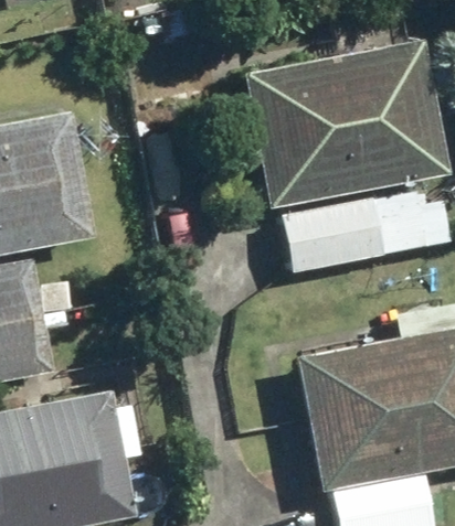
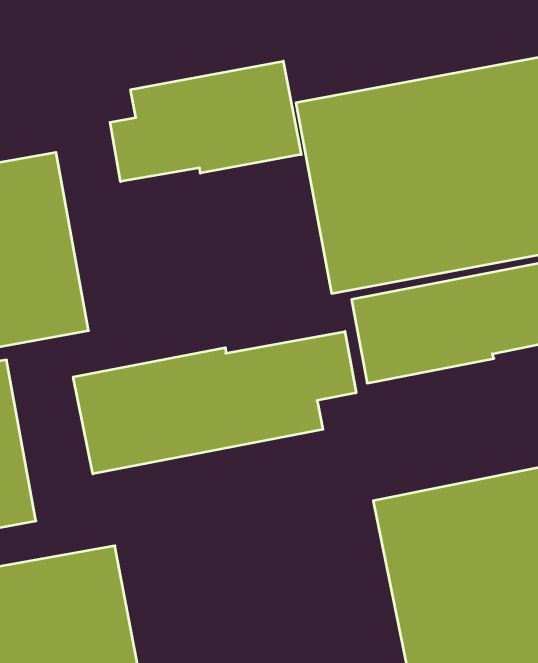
building: none -> [110,61,301,182]
building: none -> [73,331,356,474]

